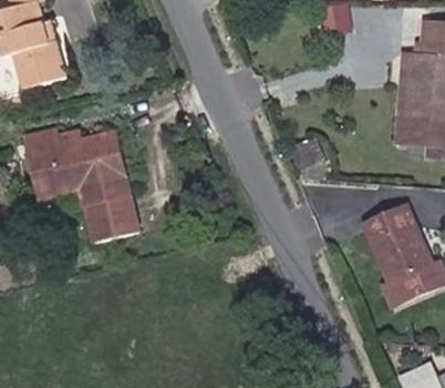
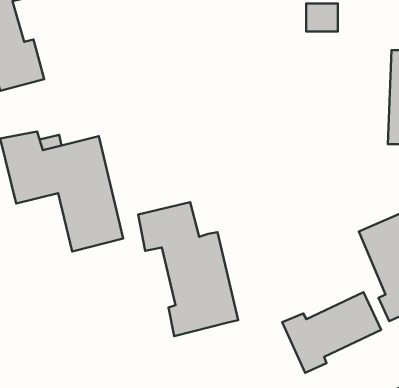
building: none -> [138,202,238,336]
building: none -> [282,292,381,373]

